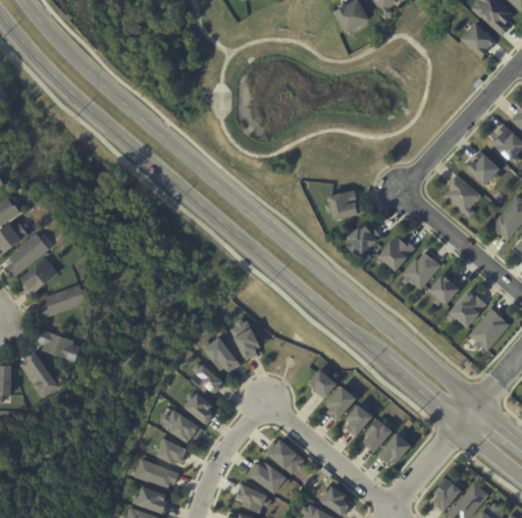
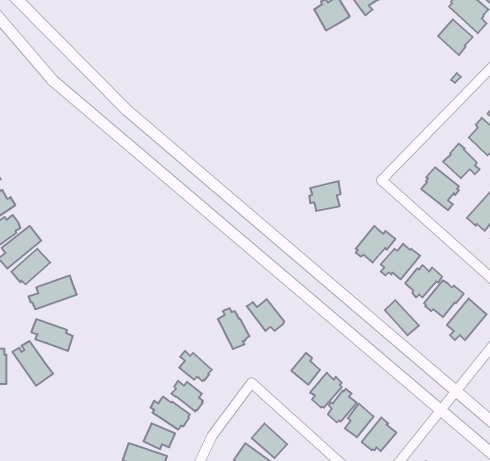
building: [341,224,379,257] -> none
building: none -> [385,300,419,335]
building: [202,338,241,370] -> [247,299,284,331]

